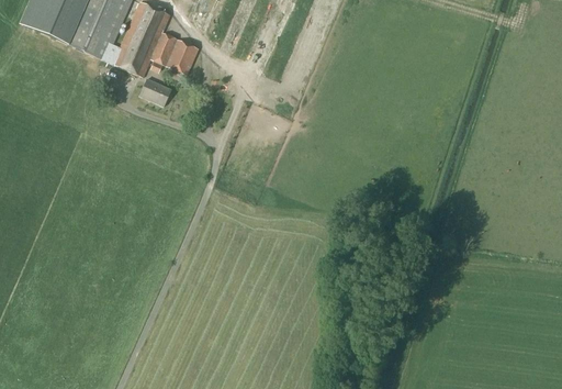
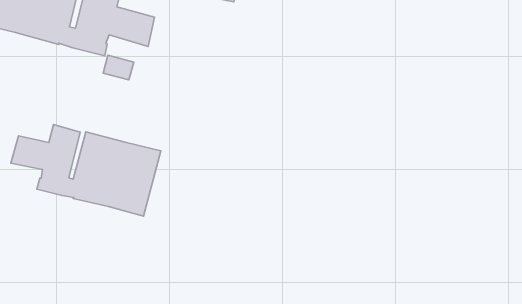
building: none -> [11,125,161,216]

